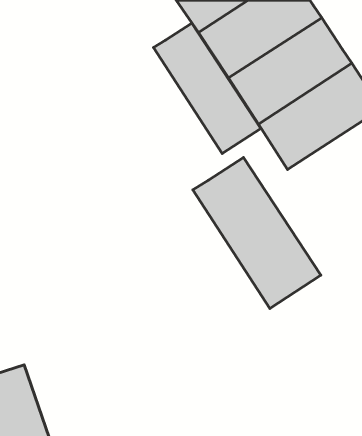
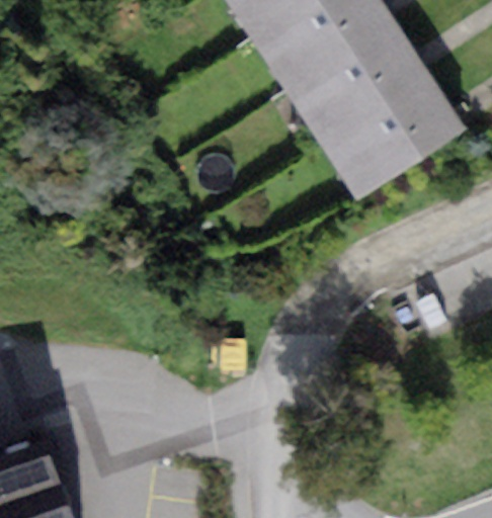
building: [154,23,261,154] -> none
building: [193,157,321,308] -> none

